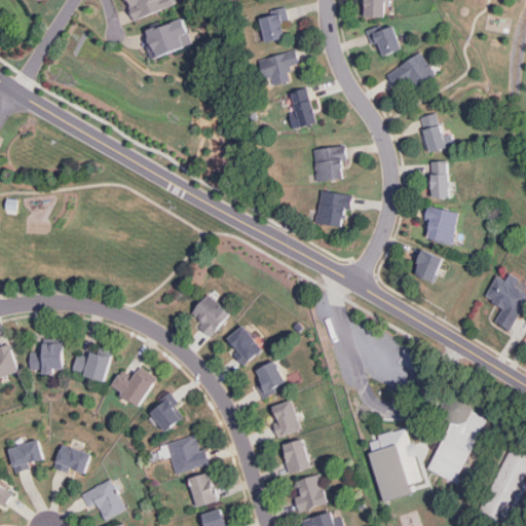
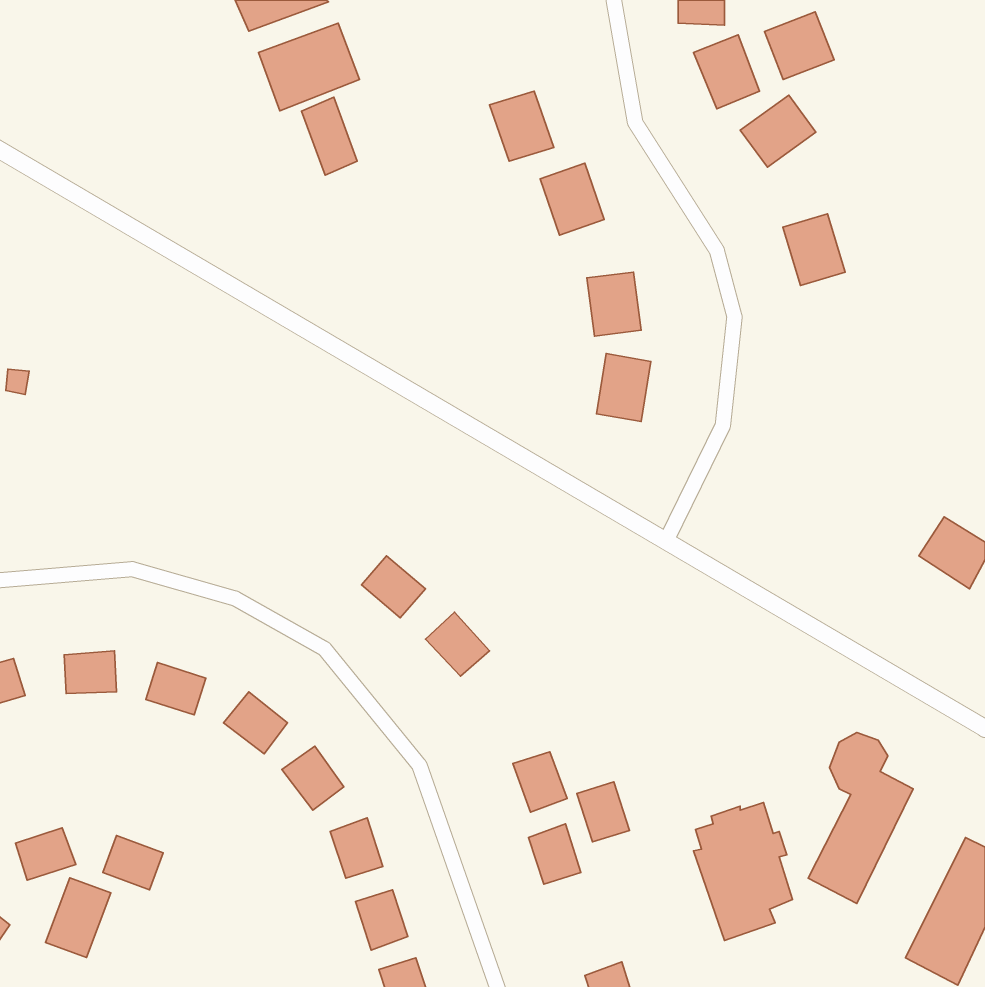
building: [256,9,287,45] -> none
building: none -> [764,12,834,79]
building: none -> [302,97,357,175]
building: [426,163,452,196] -> none
building: [425,206,456,242] -> none
building: [409,248,445,286] -> none
building: [254,360,284,392] -> none
building: none -> [45,878,111,957]
building: [295,476,323,508] -> [577,782,629,842]
building: [91,480,122,514] -> none

